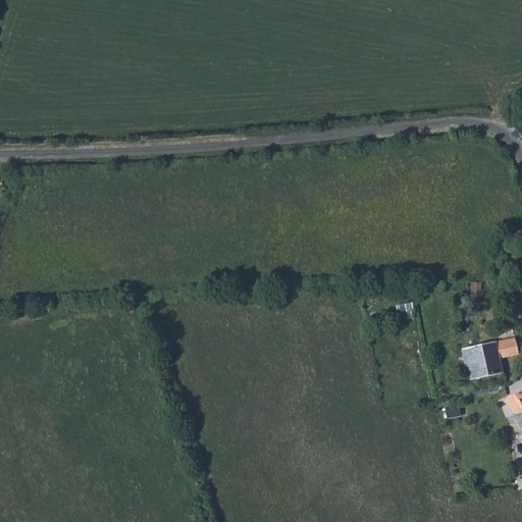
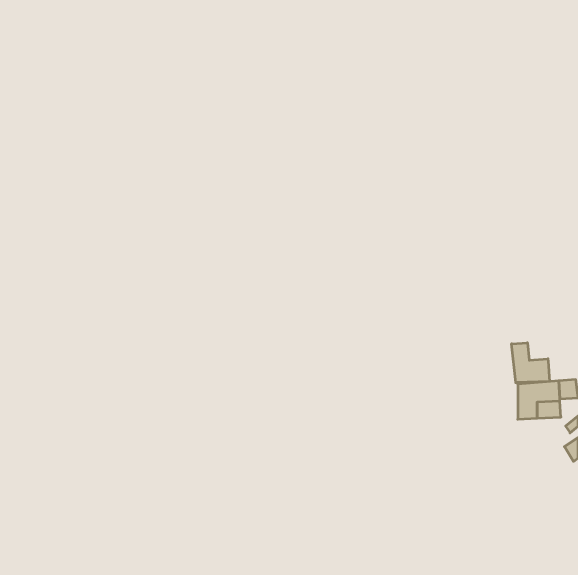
building: none -> [512,343,550,383]

